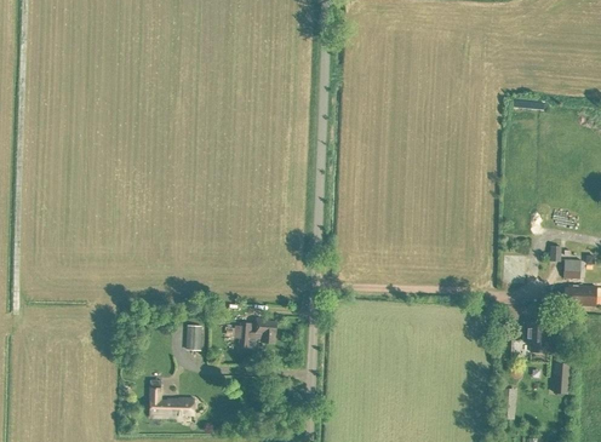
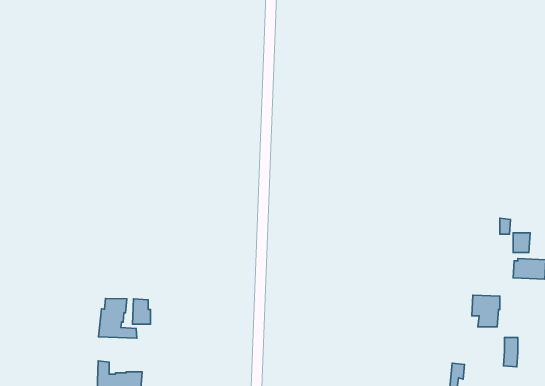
building: [235,317,277,348] -> none
building: none -> [99,299,137,338]

